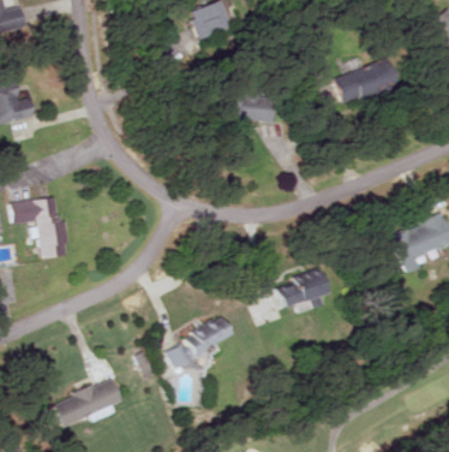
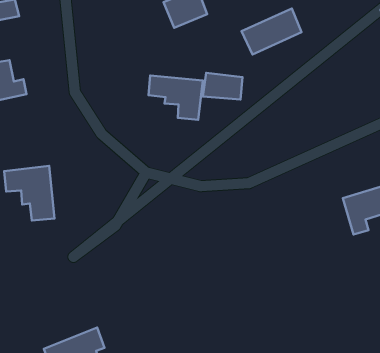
building: [335,54,402,106] -> [242,9,302,55]
building: none -> [148,76,203,120]
building: [275,270,330,308] -> none
building: [162,316,237,368] -> none

